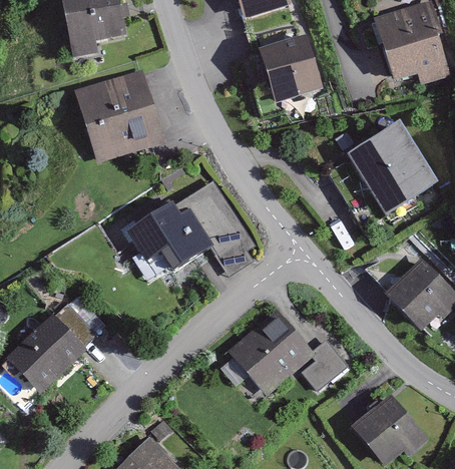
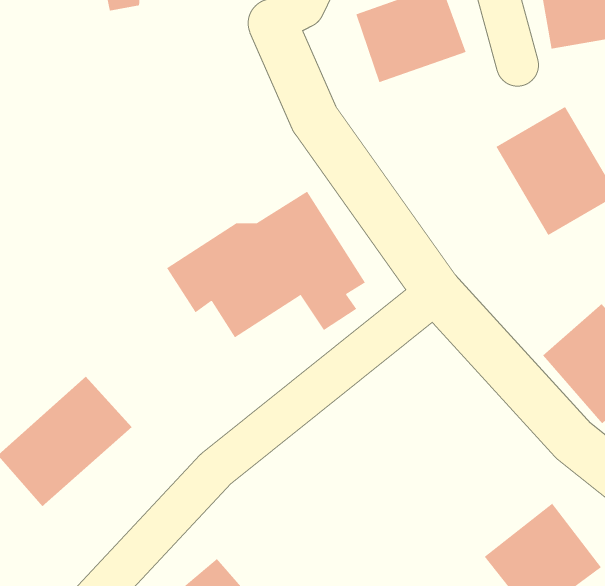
building: [70,66,167,155] -> none
building: [222,313,355,402] -> none

